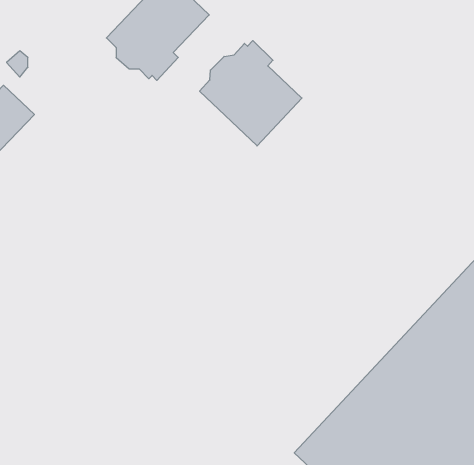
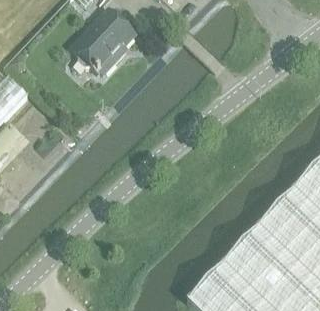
building: [200,41,302,146] -> none

